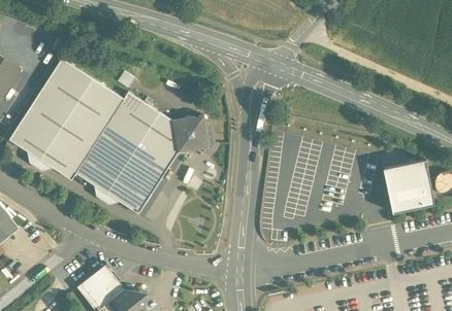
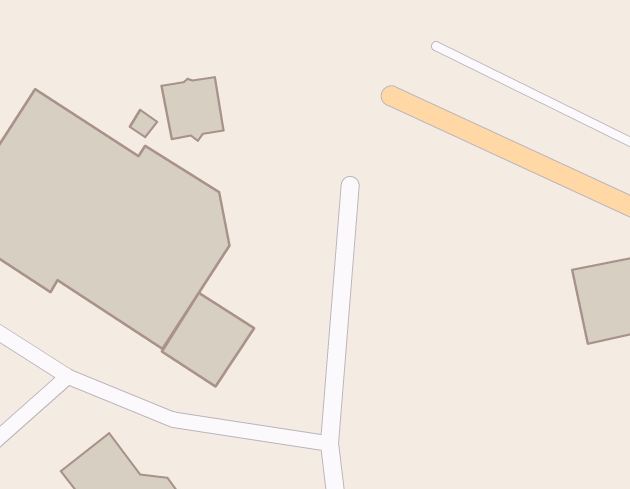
building: [171,115,208,153] -> [162,77,224,141]
building: none -> [162,293,254,387]

